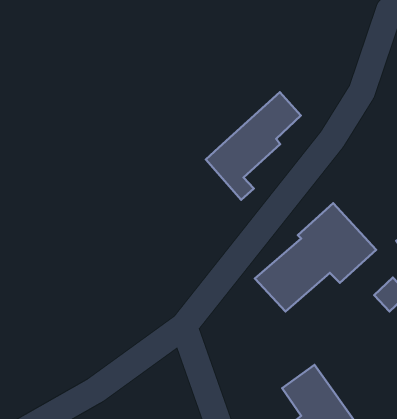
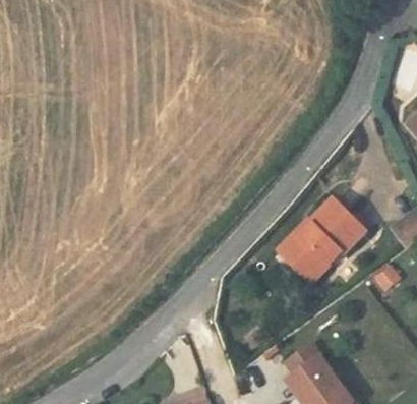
building: [206,92,301,200] -> none

